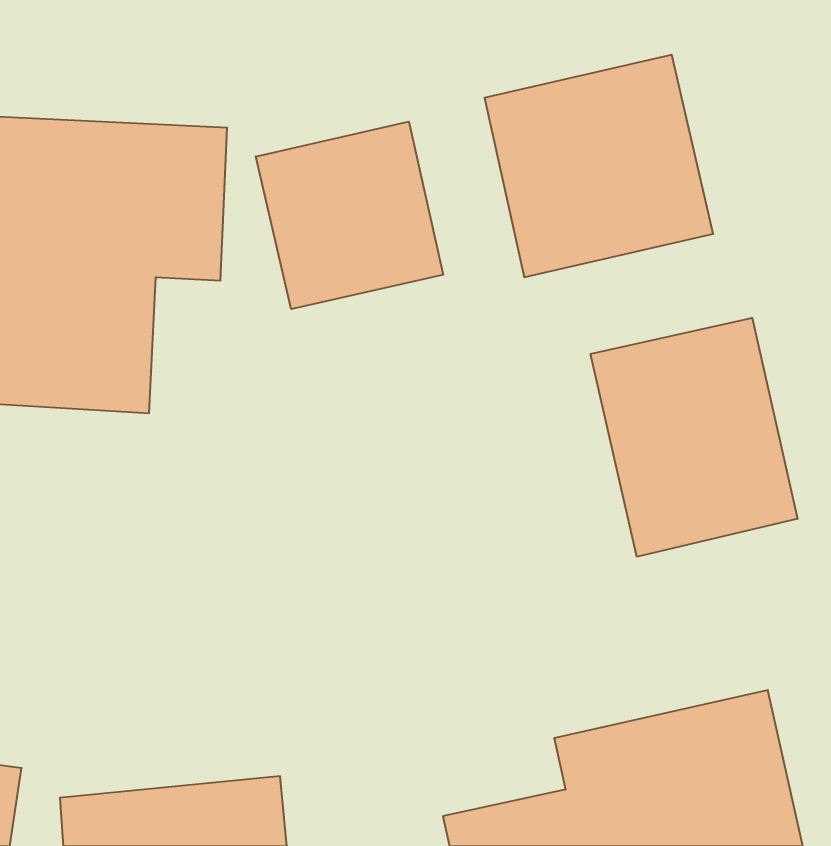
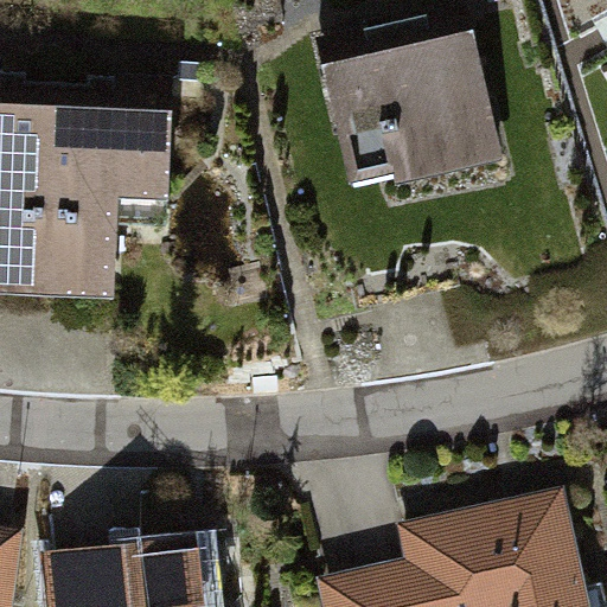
building: [256,122,443,309] -> none
building: [591,318,798,557] -> none

